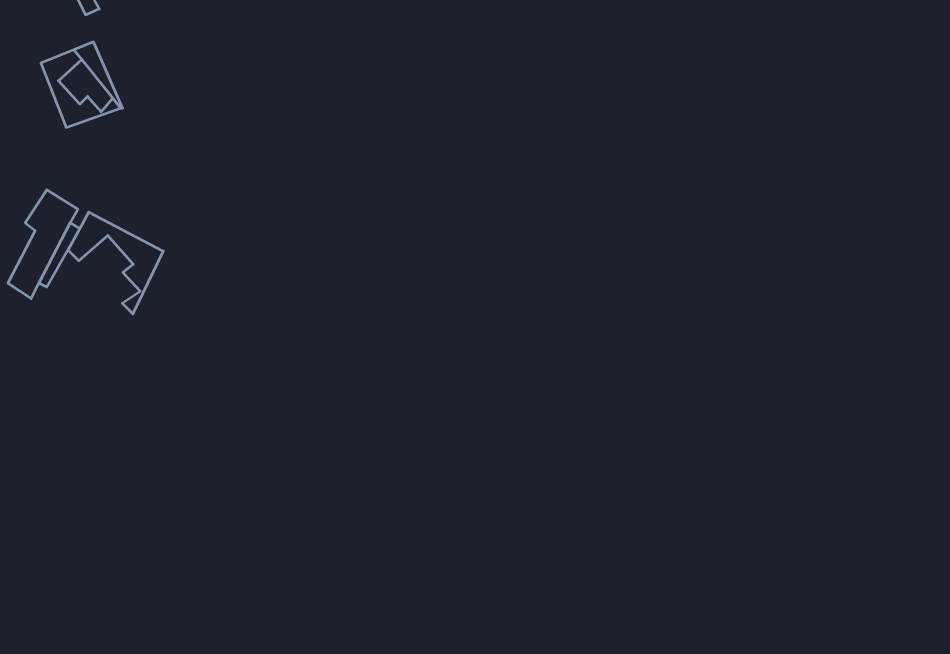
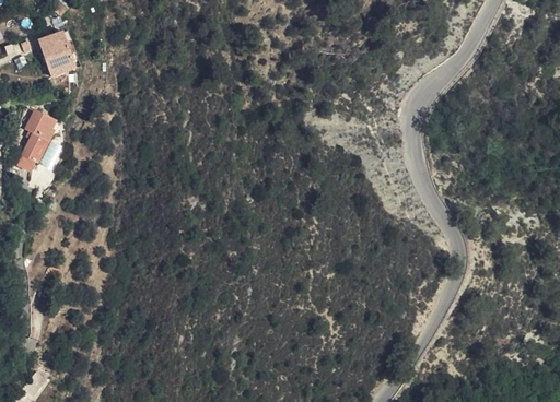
building: [68,212,163,314] -> none

